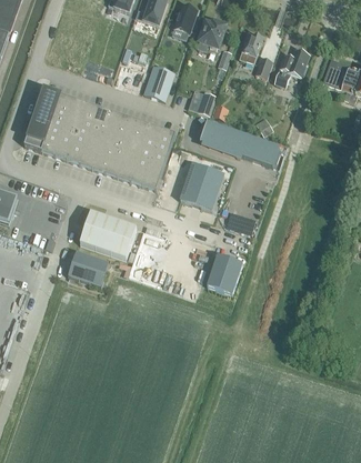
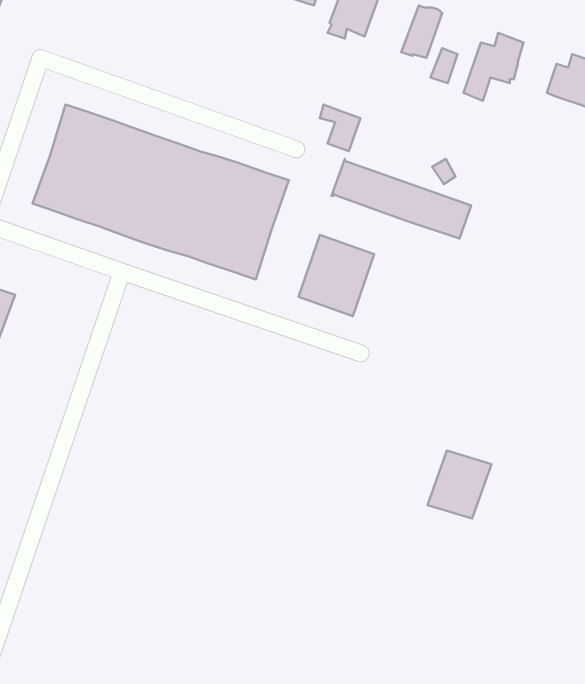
building: [143,66,173,100] -> none
building: [79,210,137,259] -> none
building: [67,251,108,286] -> none
building: [205,254,242,293] -> [428,451,492,519]

